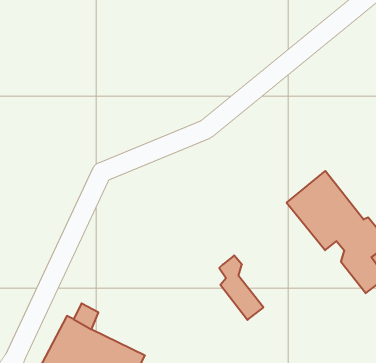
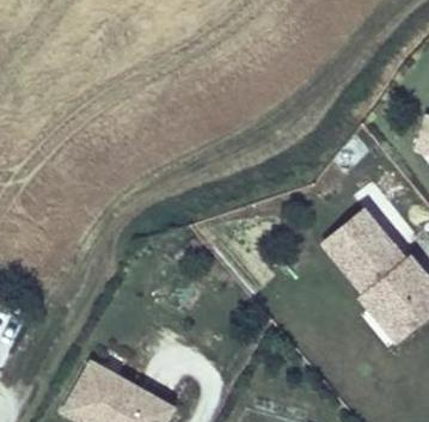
building: [219,255,263,320] -> [357,281,404,349]

